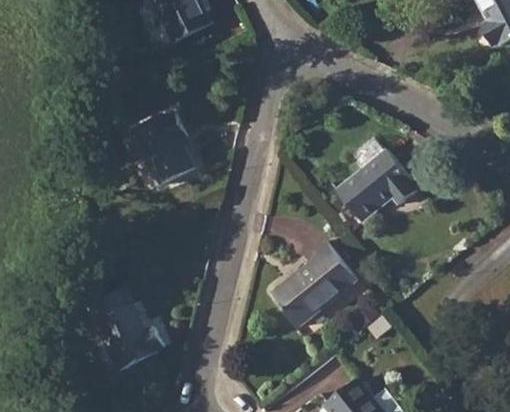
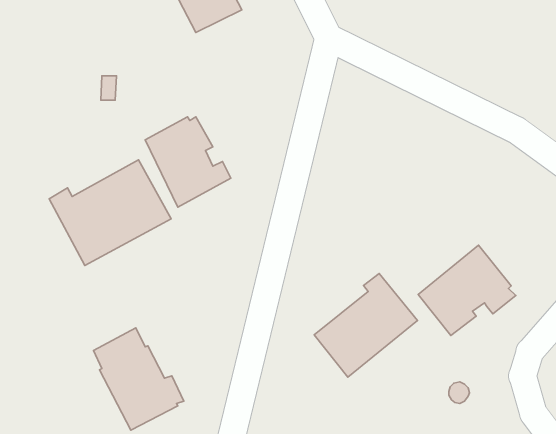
building: none -> [49,160,171,266]
building: [335,147,416,222] -> [418,245,516,335]

